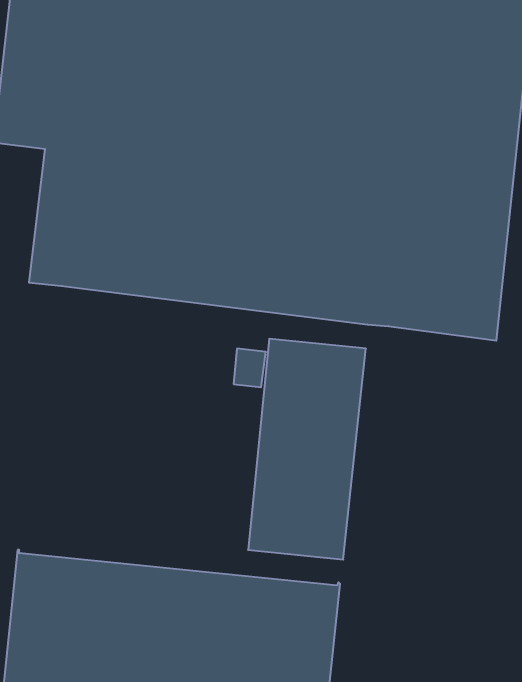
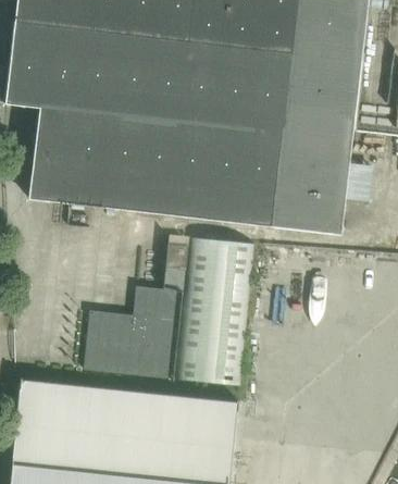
building: none -> [83,285,178,377]

